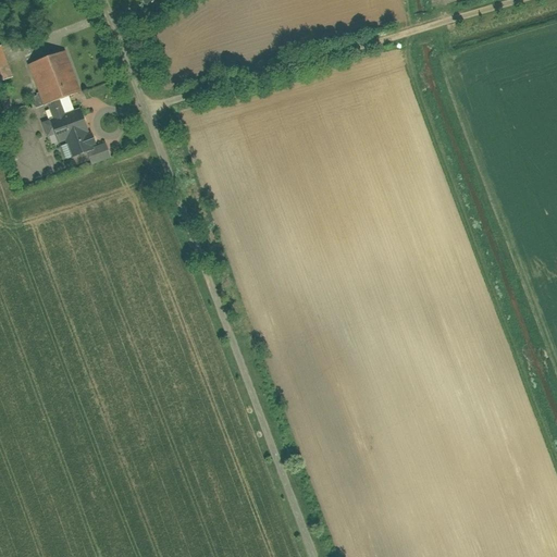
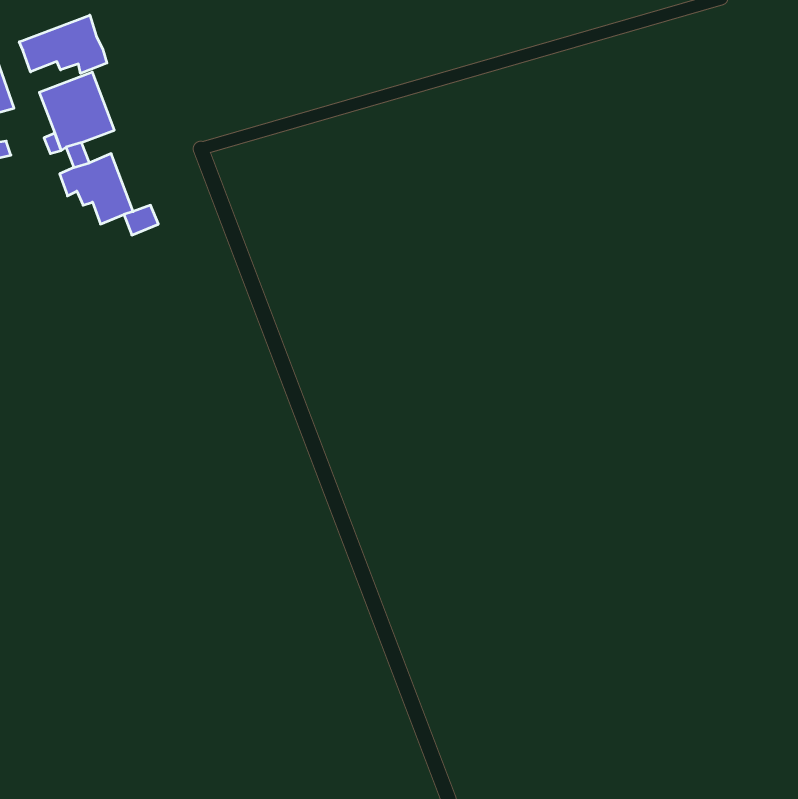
building: none -> [19,15,107,73]

